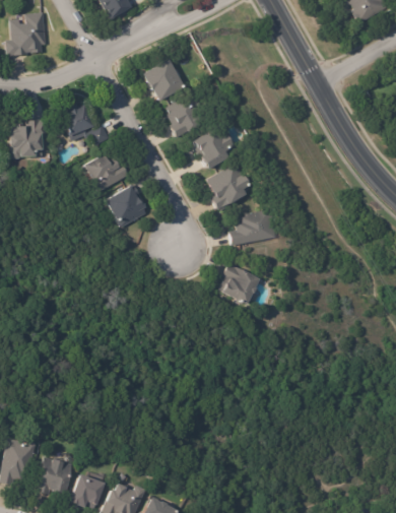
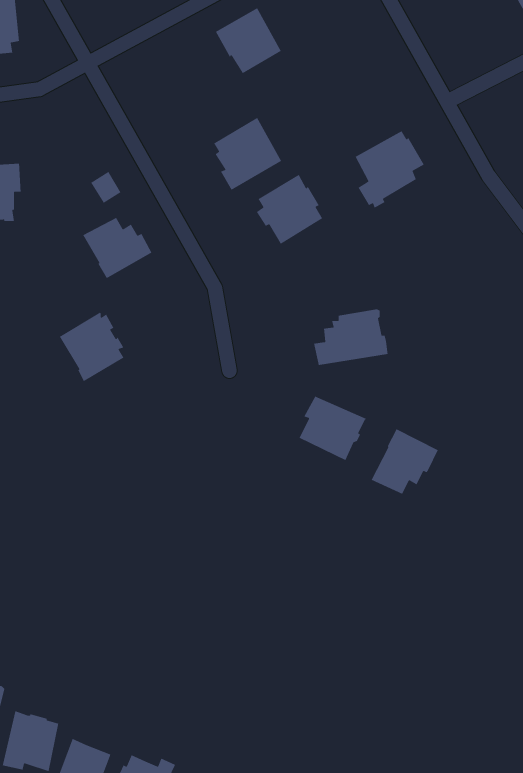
building: [142,59,184,101] -> [215,7,282,74]
building: [62,103,94,135] -> none
building: [207,164,251,212] -> [354,130,425,209]
building: [105,186,145,230] -> [59,312,124,382]
building: none -> [371,428,439,495]

